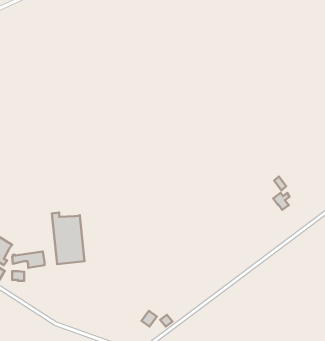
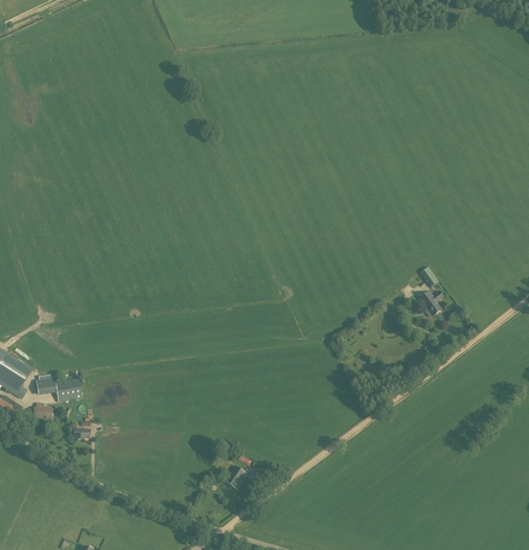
building: [52,212,84,264] -> none

